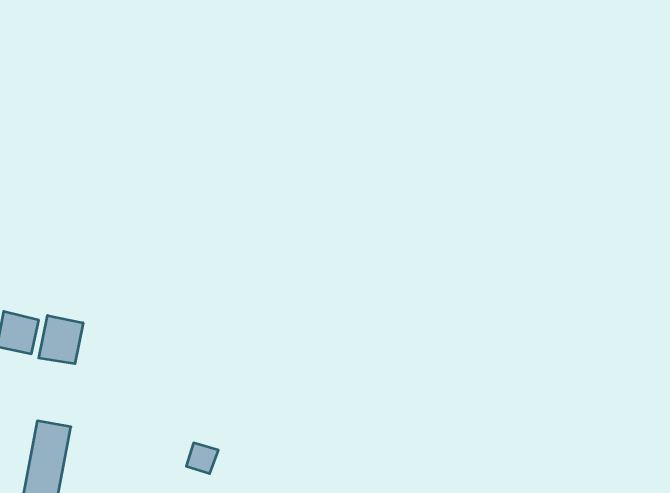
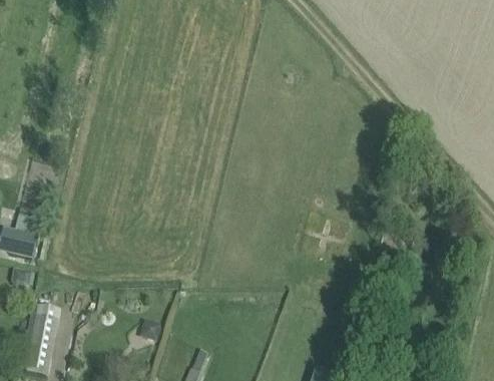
building: [39,315,83,364] -> none

